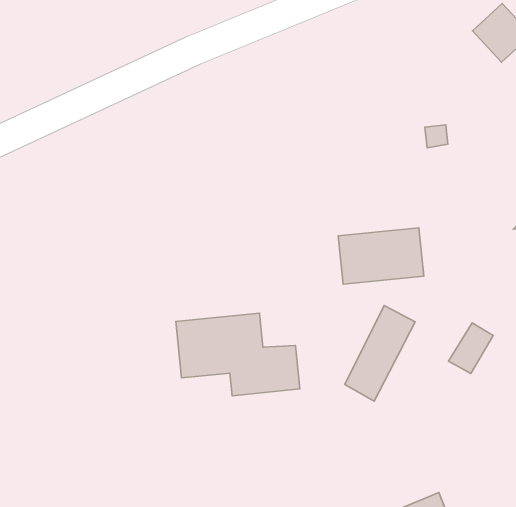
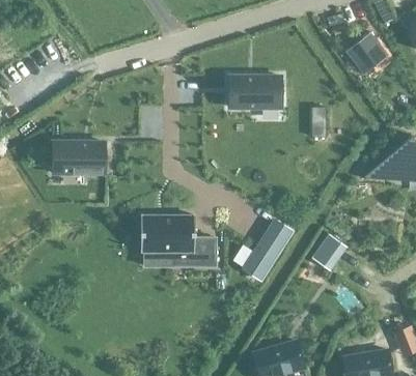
building: none -> [53,143,105,174]
building: [338,228,424,284] -> [229,78,281,109]

